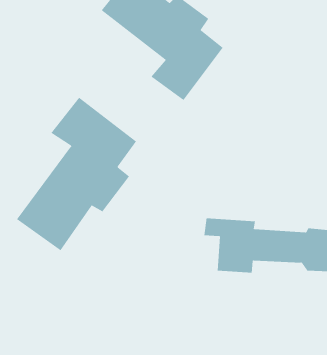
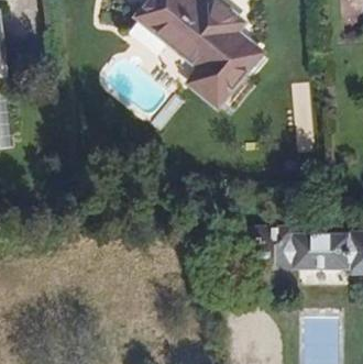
building: [16,97,137,251] -> none

